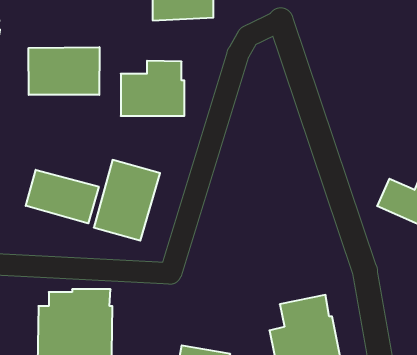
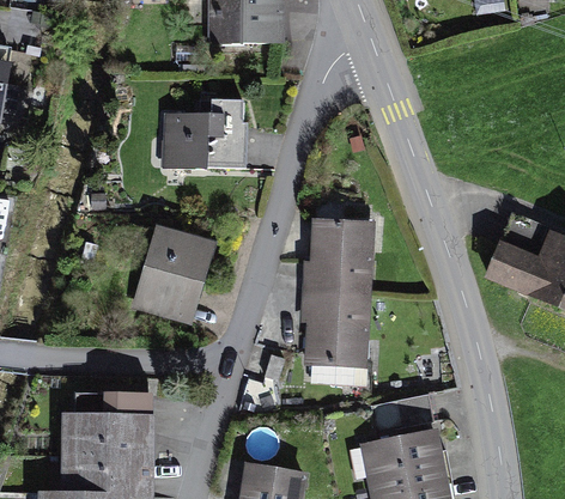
building: [29,47,99,95] -> none
building: none -> [299,215,376,369]
building: [26,170,99,223] -> none

